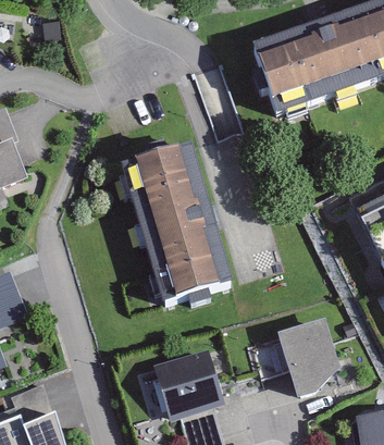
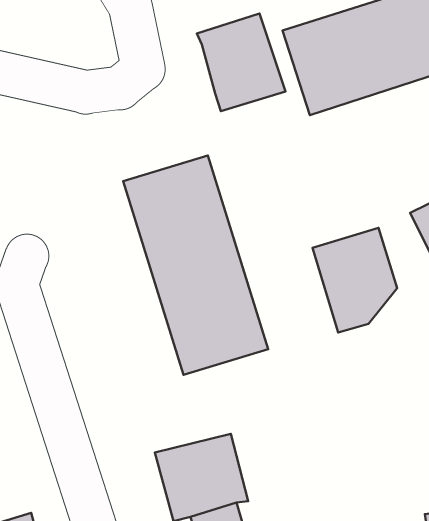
building: none -> [197,13,285,111]
building: [265,323,330,403] -> [312,228,397,333]

